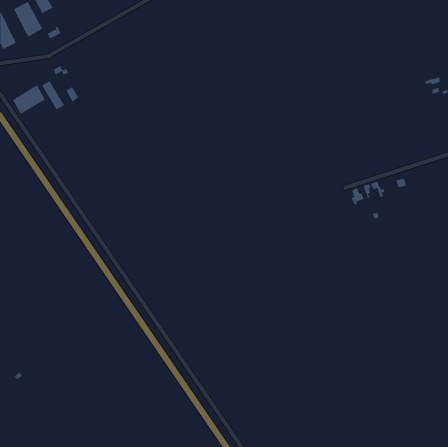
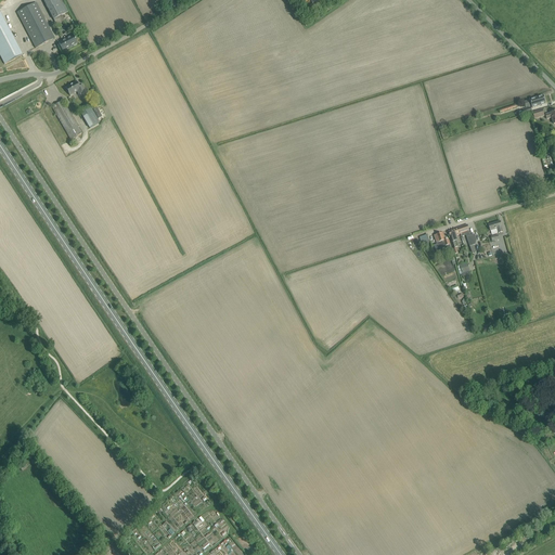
building: [12,84,46,115] -> none

